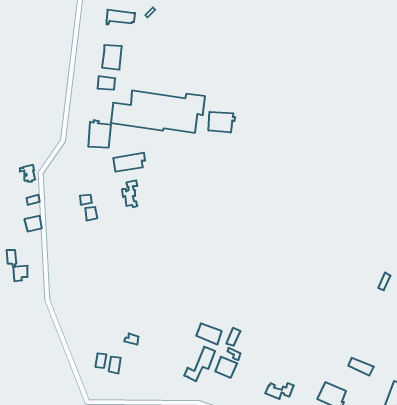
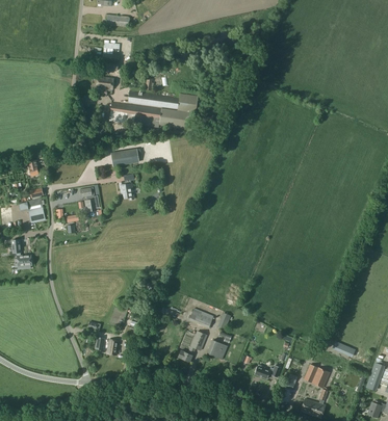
building: [209,112,235,133] -> none
building: [88,120,111,148] -> none

